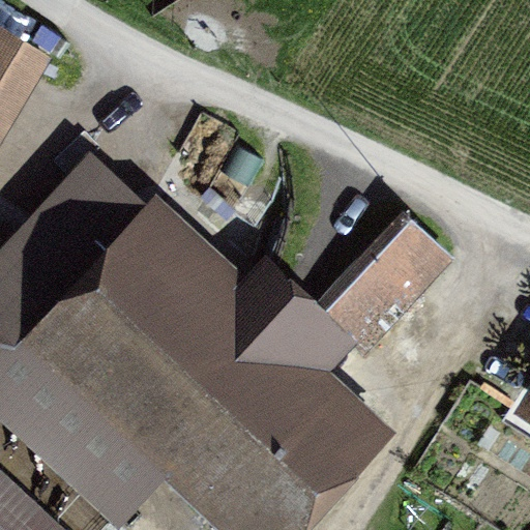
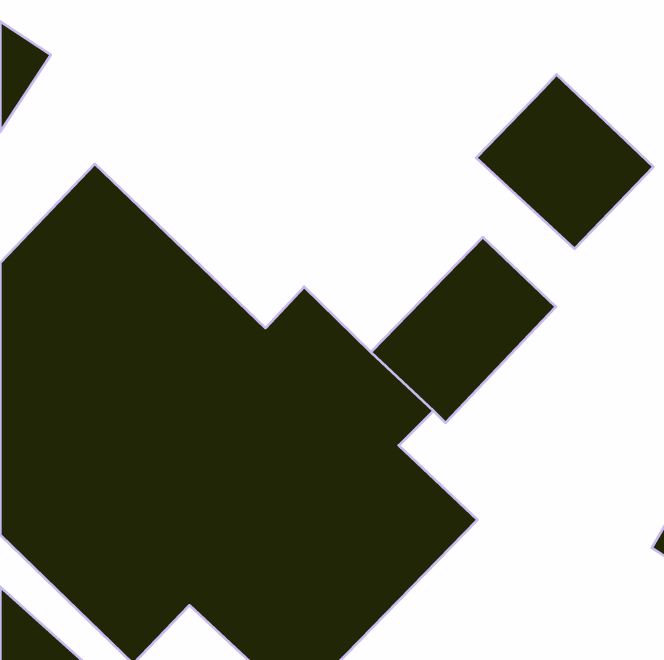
building: none -> [476,74,653,249]

